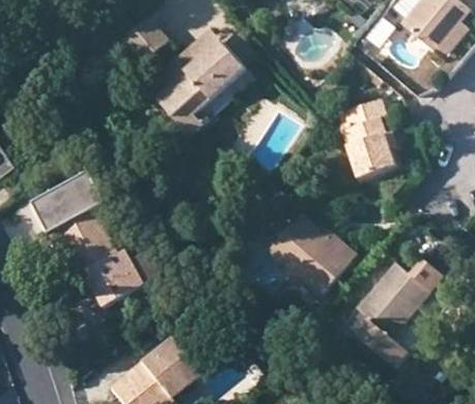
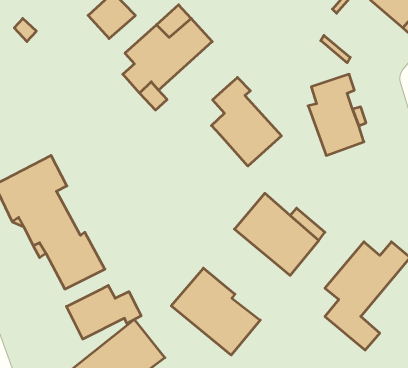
building: none -> [211,77,281,166]
building: none -> [171,268,260,355]
building: none -> [66,285,141,339]

